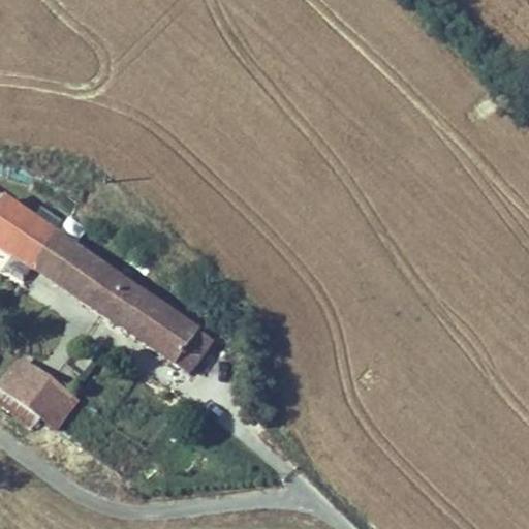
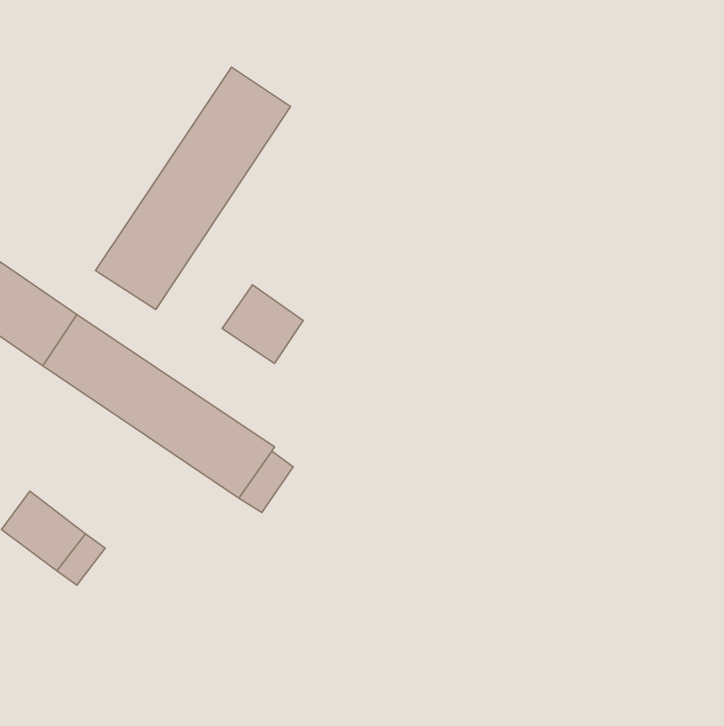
building: none -> [96,67,290,310]
building: none -> [222,285,303,364]

